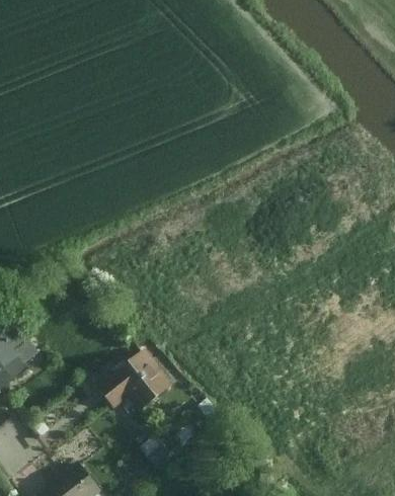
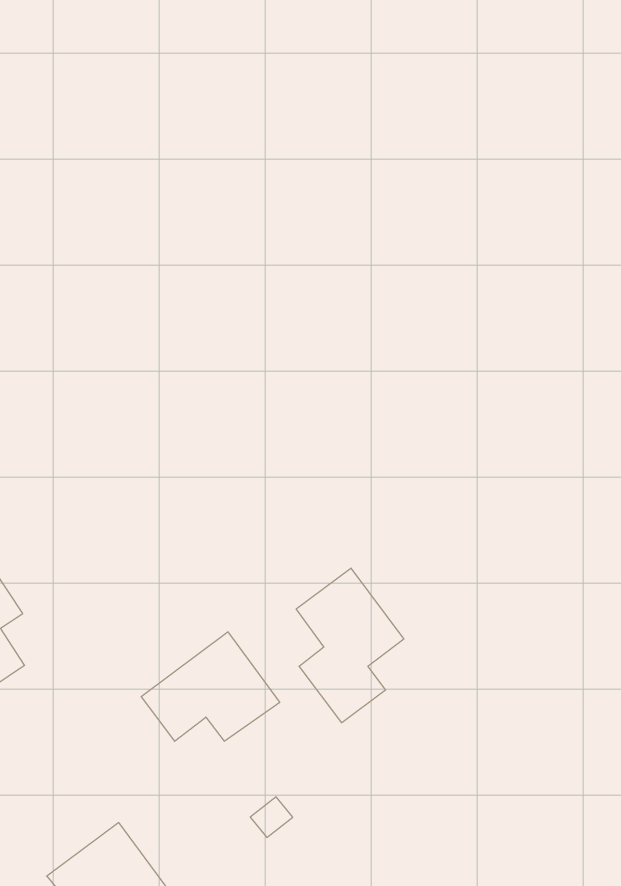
building: none -> [296,568,404,723]

